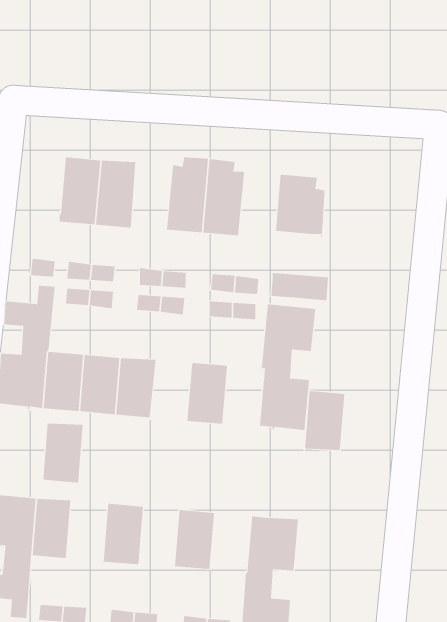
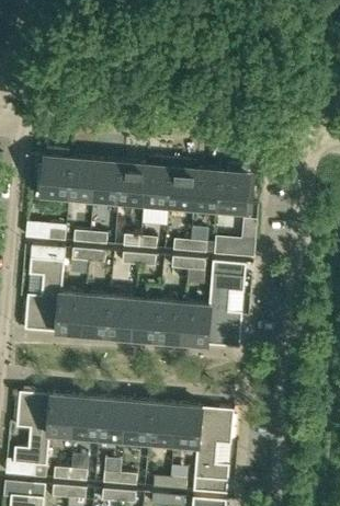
building: none -> [35,156,71,197]
building: none -> [117,161,146,208]
building: none -> [192,166,220,215]
building: none -> [131,298,159,341]
building: [304,390,345,450] -> [181,302,209,344]
building: [42,420,83,483] -> [72,394,101,438]
building: none -> [123,399,150,441]
building: none -> [172,403,201,446]

